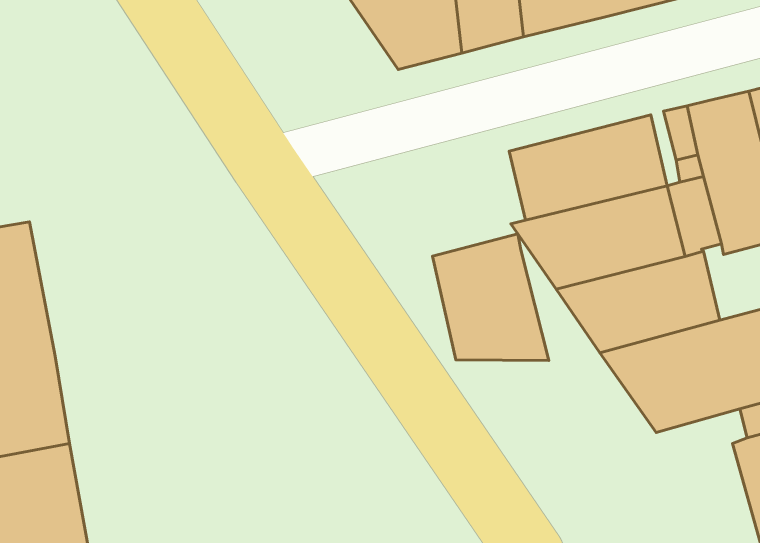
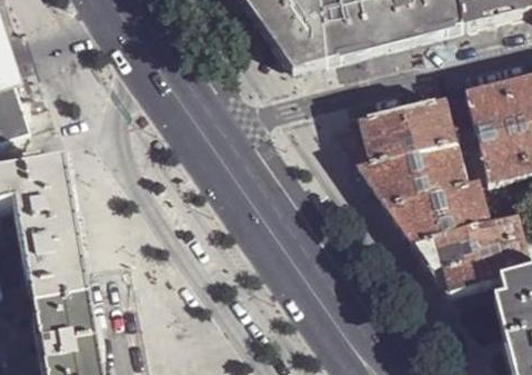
building: [432,234,549,360] -> none

